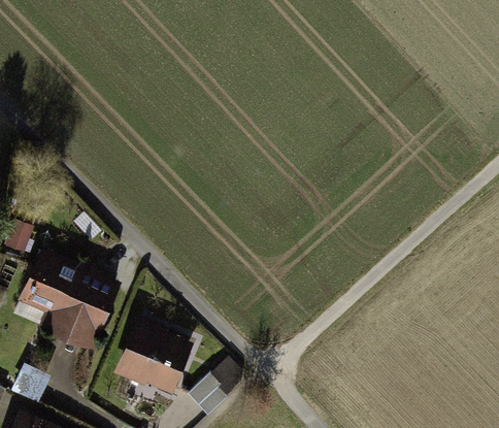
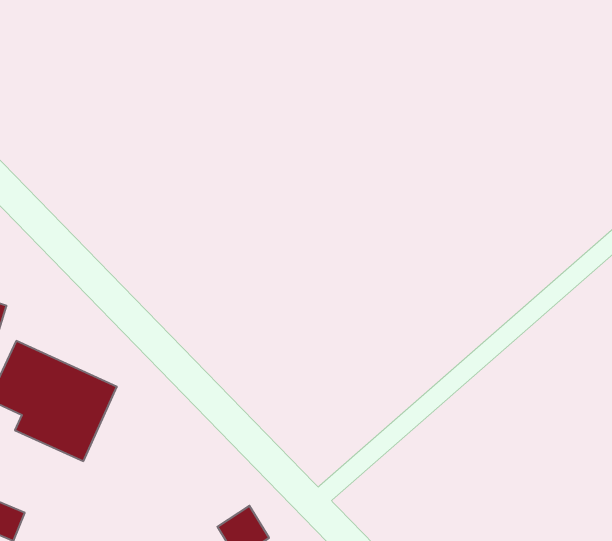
building: [117,323,193,392] -> none

